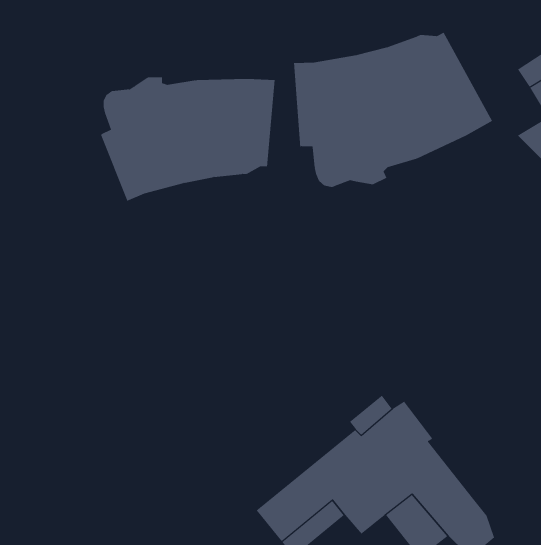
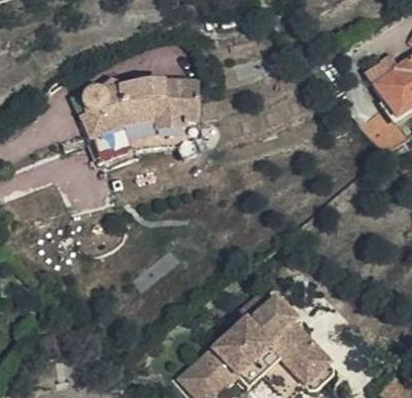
building: [293,32,493,188] -> none

